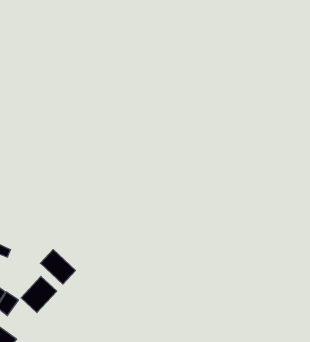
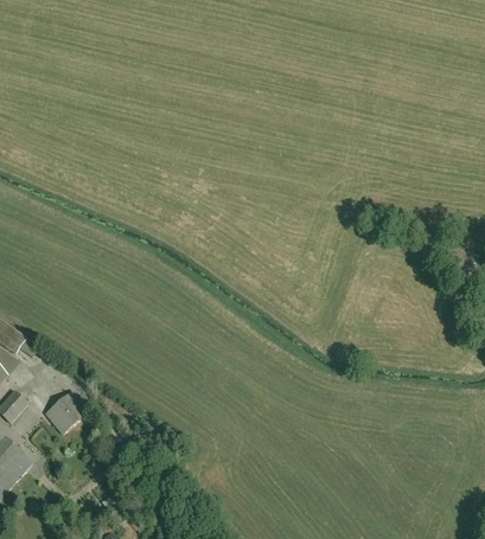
building: [40,250,75,284] -> none

